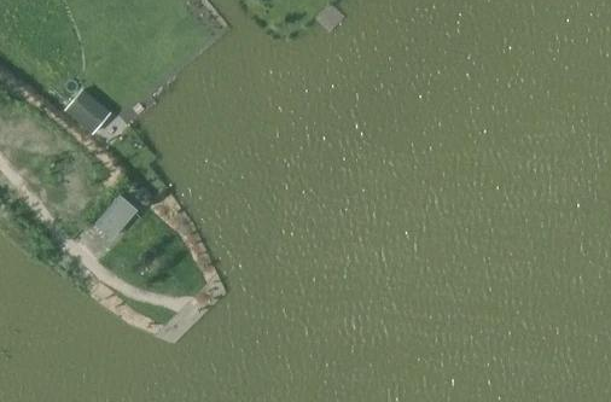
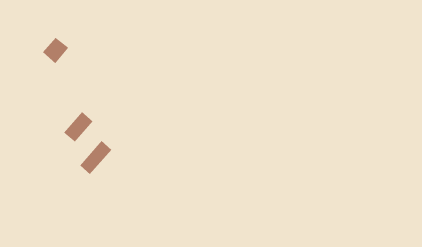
building: none -> [79,140,112,175]

